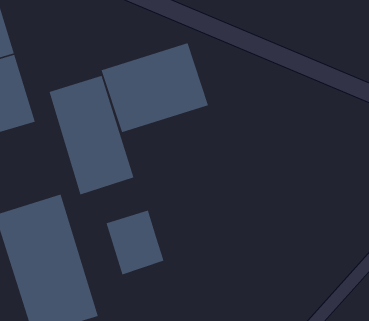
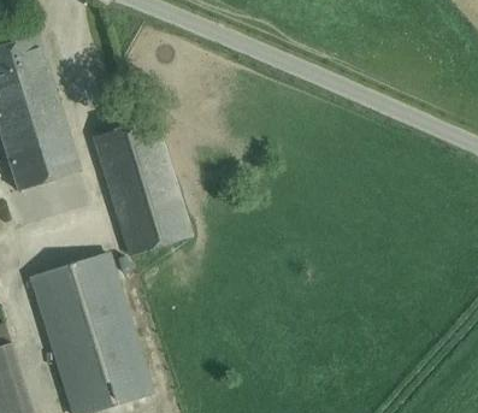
building: [100,42,212,133] -> none
building: [105,209,164,275] -> none

